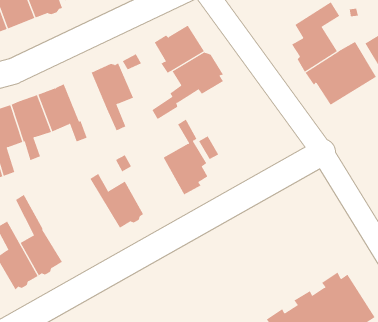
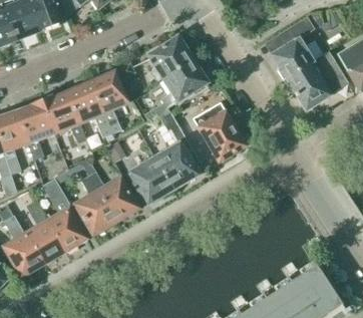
building: none -> [65,79,112,137]
building: none -> [190,87,245,161]
building: none -> [126,156,173,202]
building: none -> [75,176,115,234]
building: none -> [43,178,87,252]

